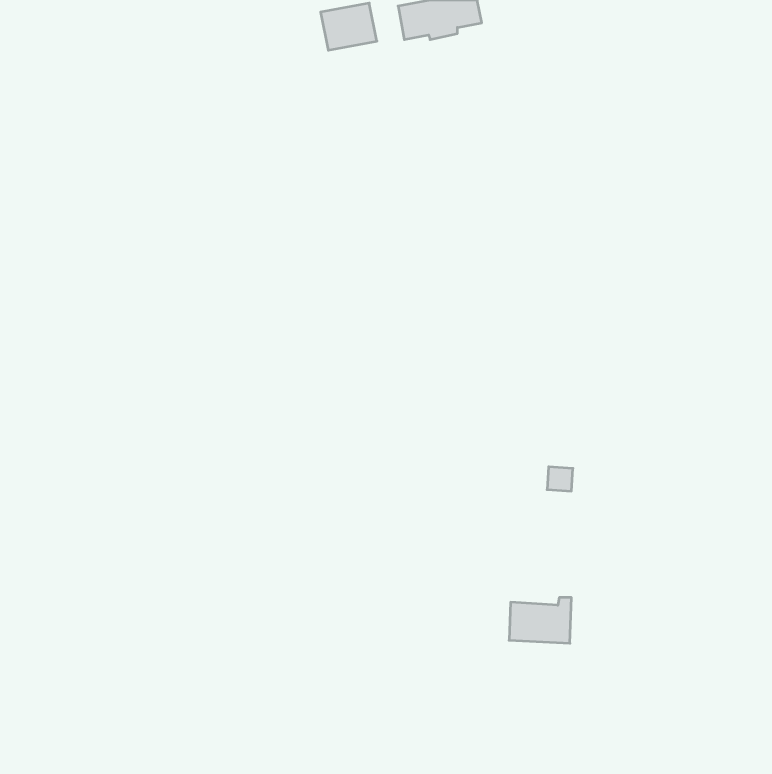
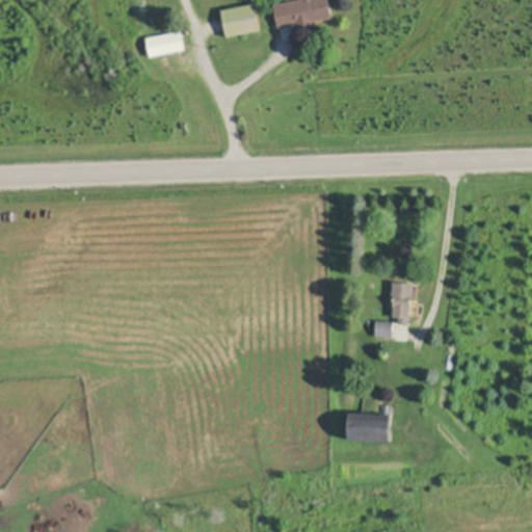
building: none -> [144,31,183,56]
building: none -> [391,282,411,324]

